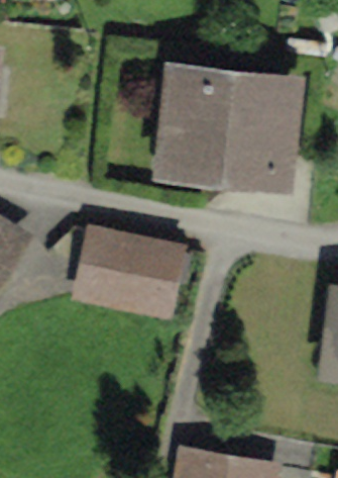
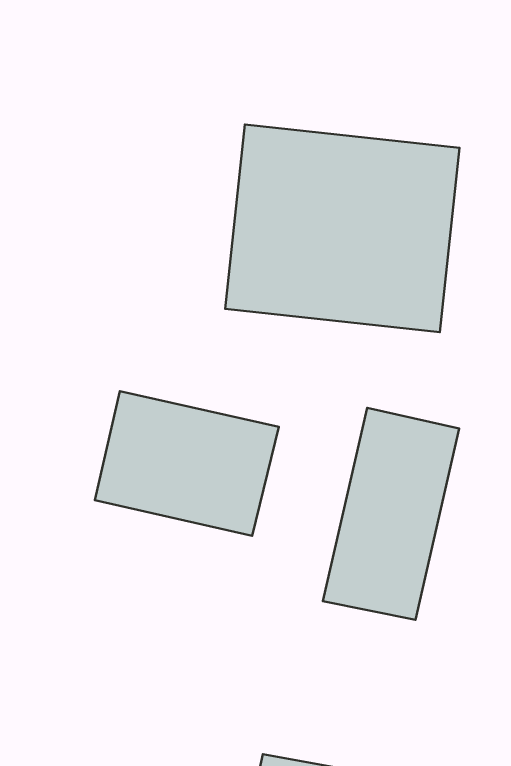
building: none -> [323,408,459,620]

